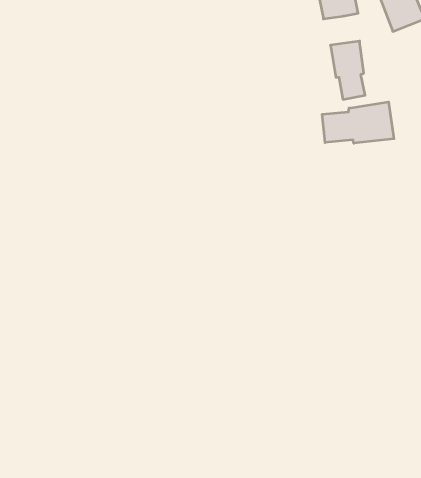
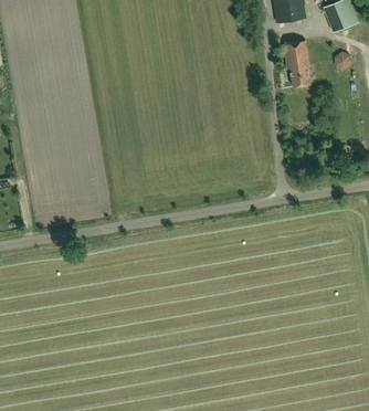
building: [322,102,394,143] -> none

